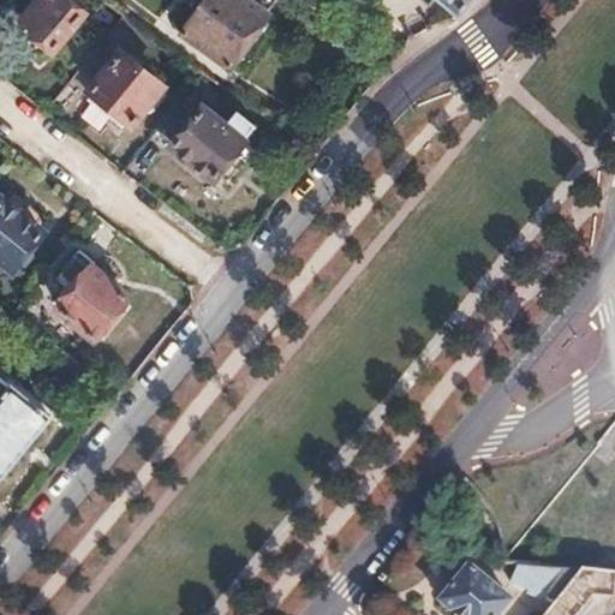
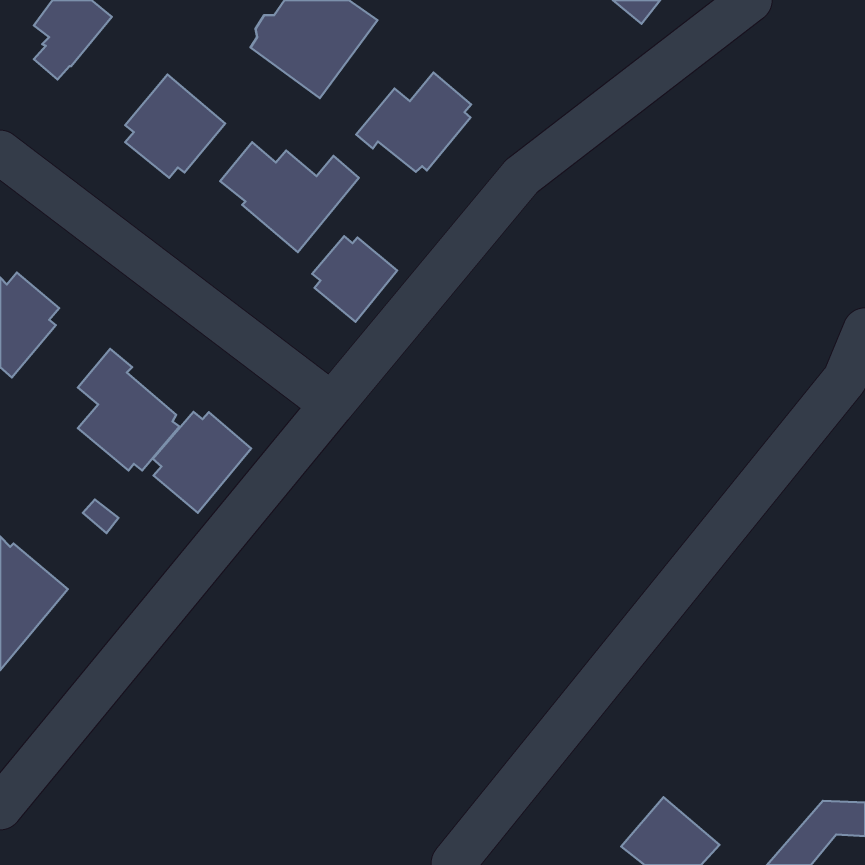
building: none -> [356,73,471,172]
building: none -> [312,236,397,322]
building: none -> [153,412,251,513]
building: [512,562,569,599] -> none

